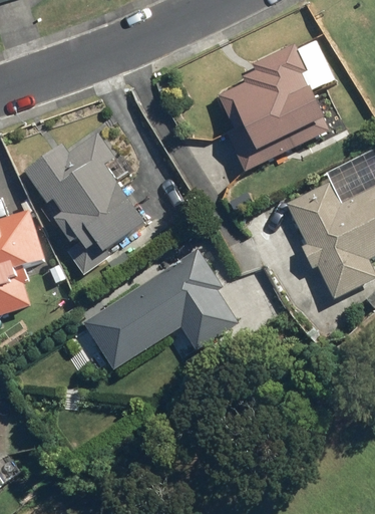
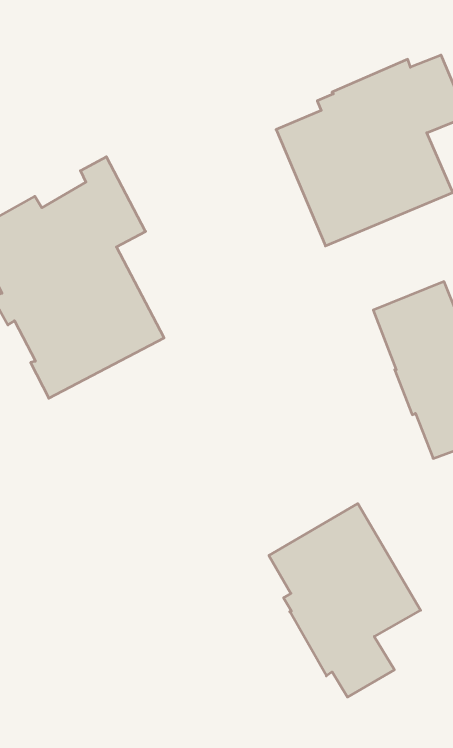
building: [67,246,237,384] -> none
building: none -> [269,504,421,697]

